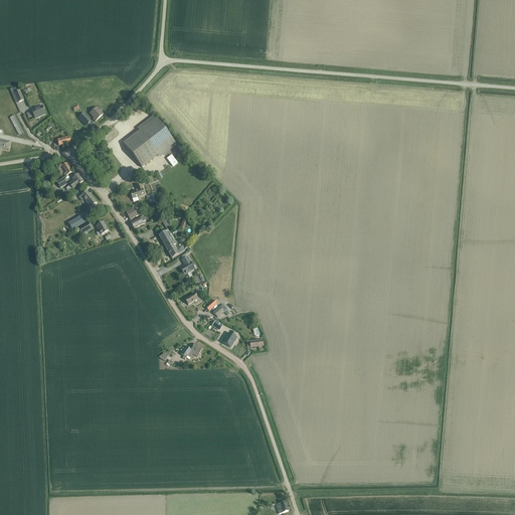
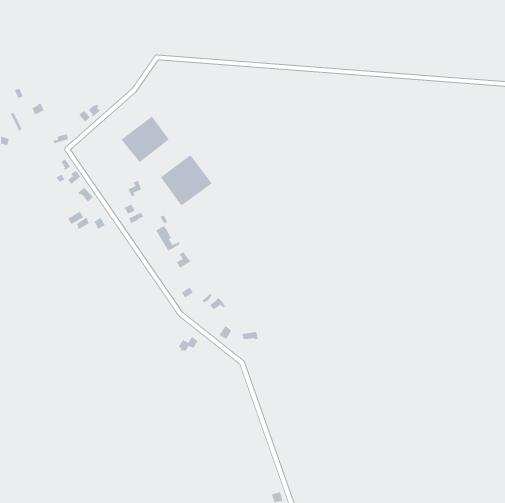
building: none -> [160,154,213,206]

